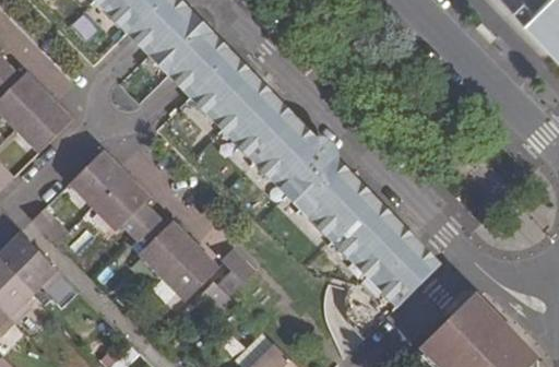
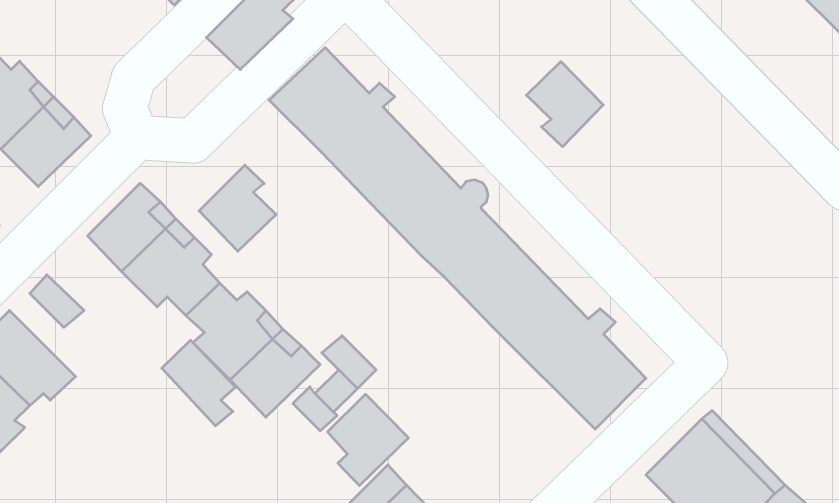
building: none -> [526,62,603,147]
building: none -> [199,165,276,251]
building: none -> [162,340,235,426]
building: none -> [328,394,408,486]

